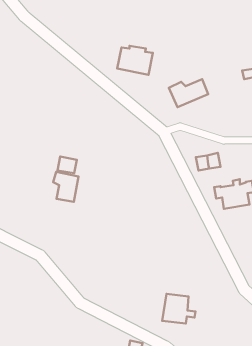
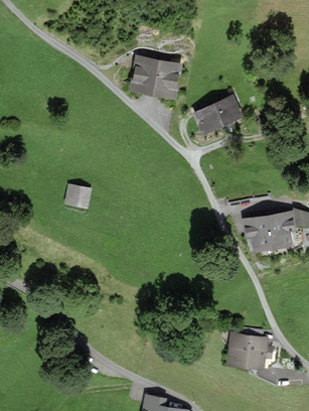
building: [53,172,78,202] -> none
building: [162,294,195,324] -> [234,329,272,364]

